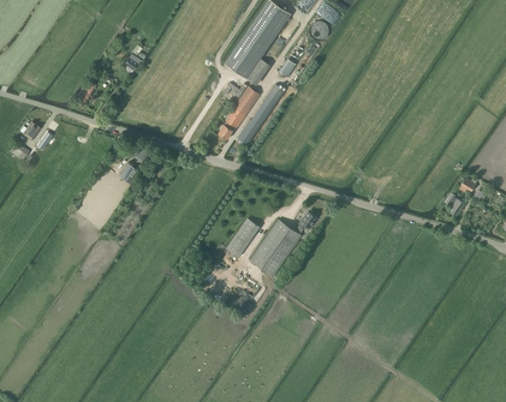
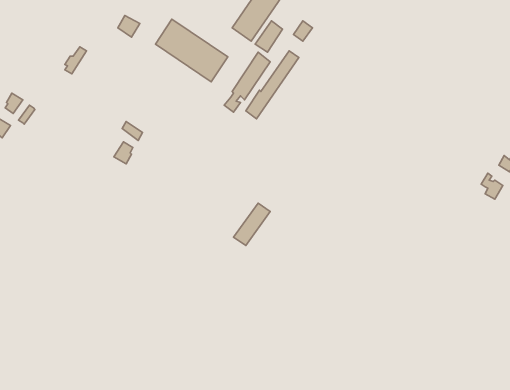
building: none -> [155,19,228,82]
building: [250,212,316,276] -> none

